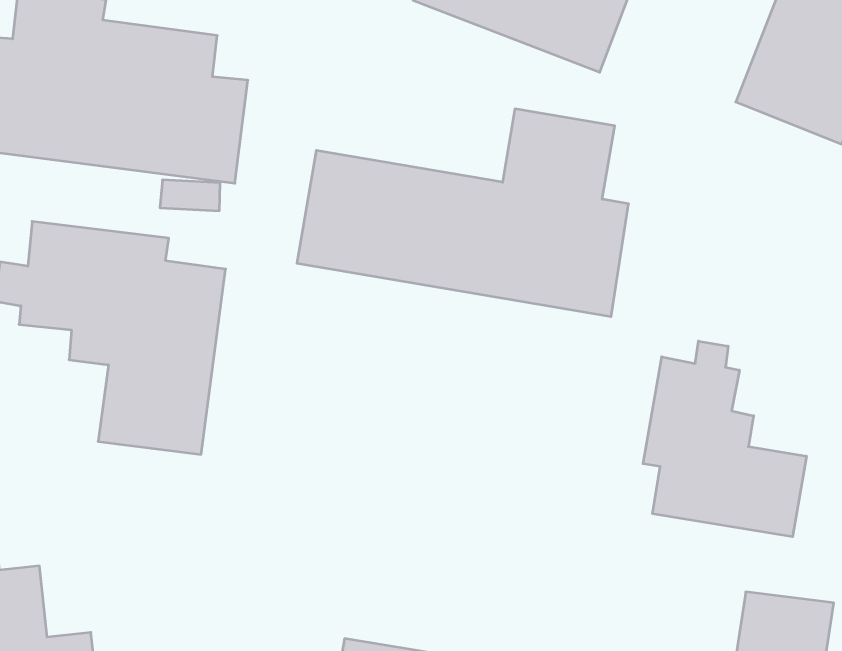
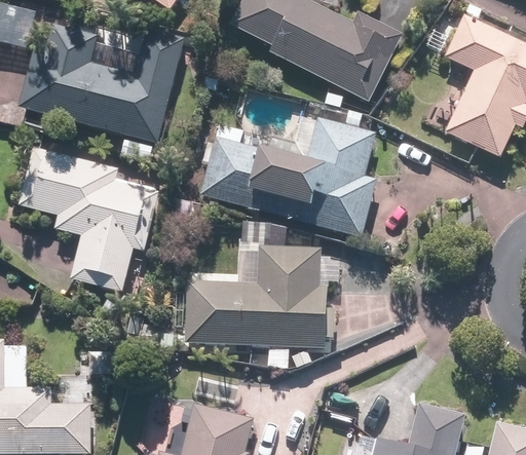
building: [643,341,806,537] -> none
building: none -> [181,247,329,347]

